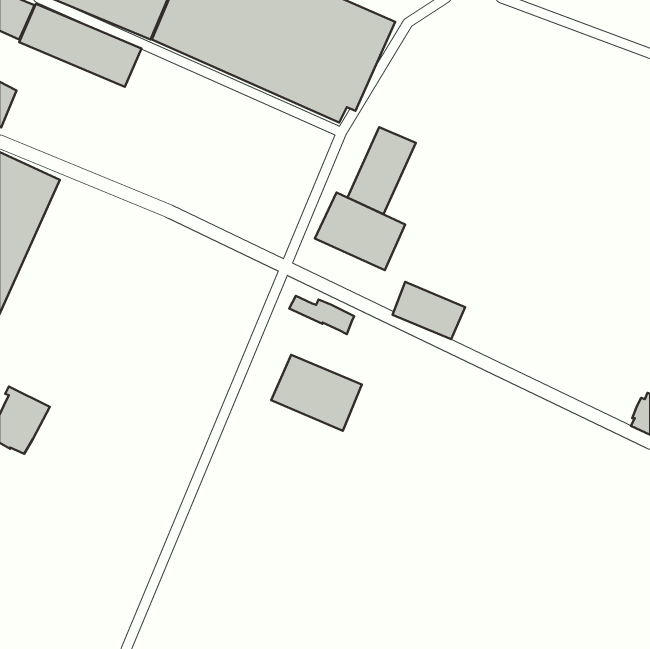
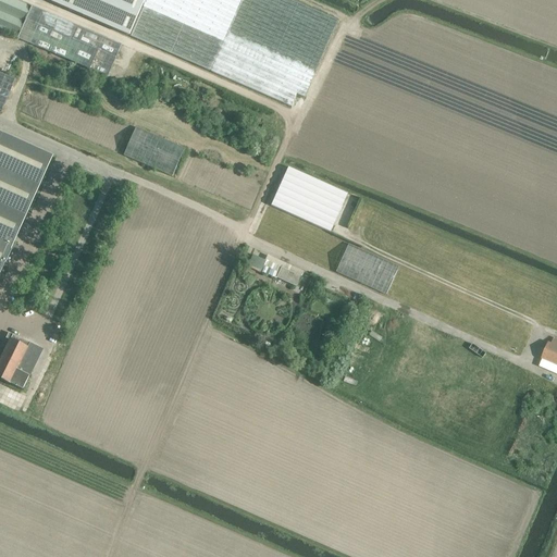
building: [348,127,416,214] -> none
building: none -> [120,125,181,174]
building: [271,355,362,431] -> none

